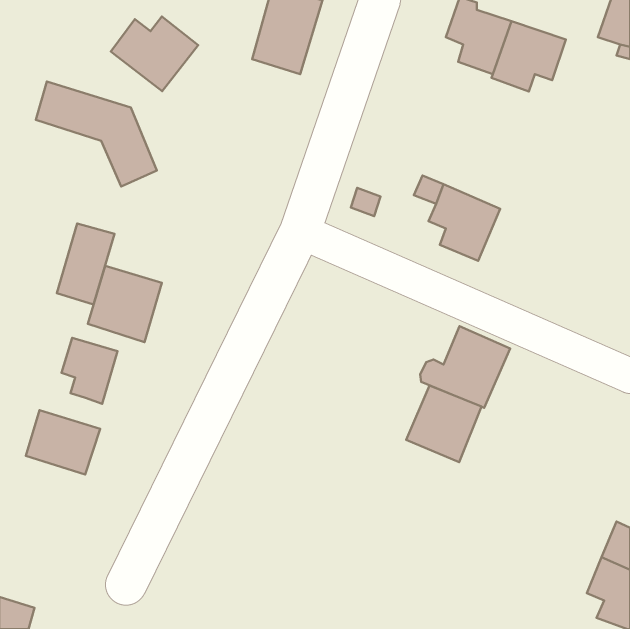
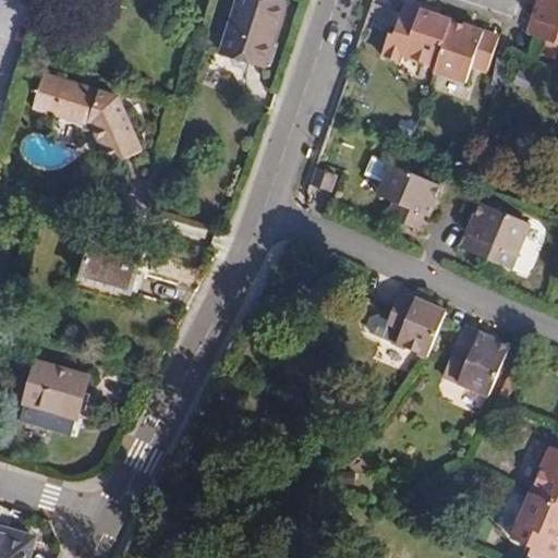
building: [111,16,198,91] -> none
building: [57,224,115,304] -> none
building: none -> [461,199,531,262]
building: [62,338,118,404] -> none
building: [406,386,481,462] -> [442,327,509,395]

